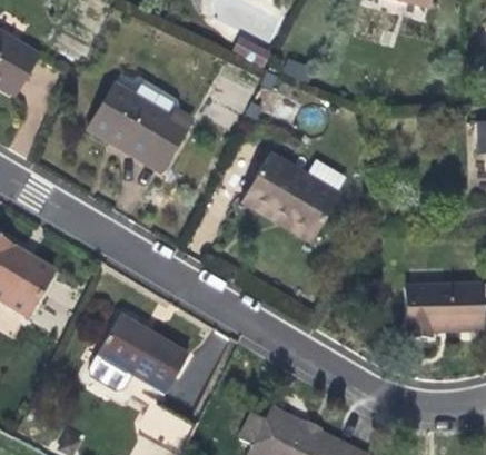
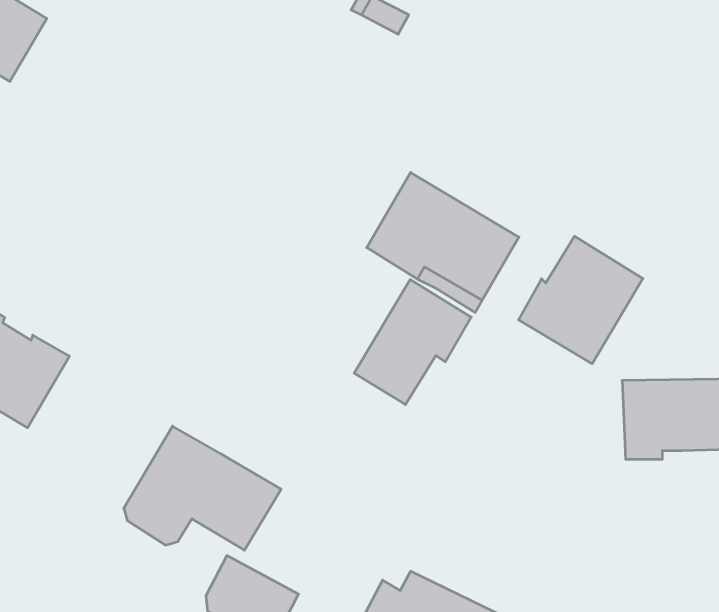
building: [89,82,192,168] -> none
building: none -> [519,236,643,364]
building: none -> [354,280,471,405]

